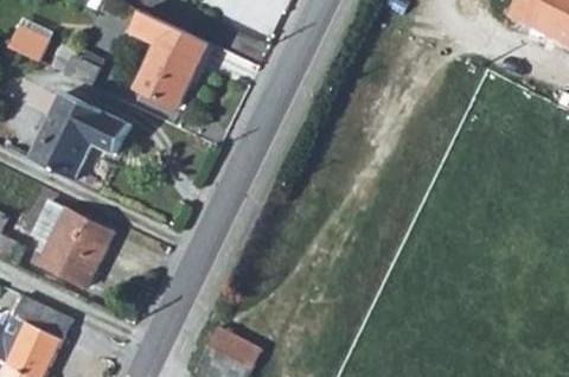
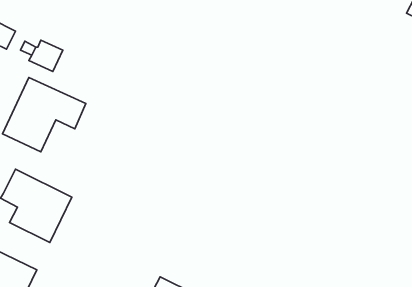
building: [129,11,207,107] -> none

